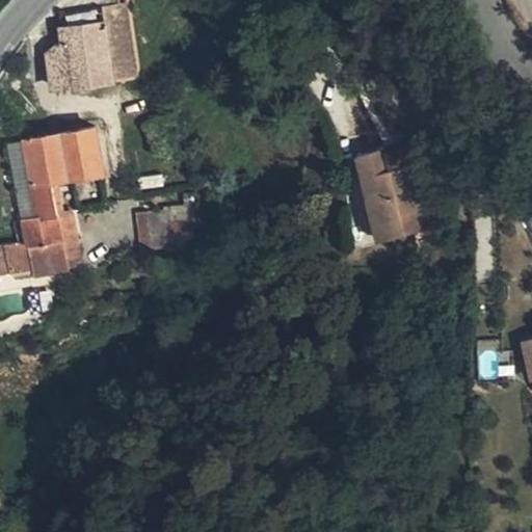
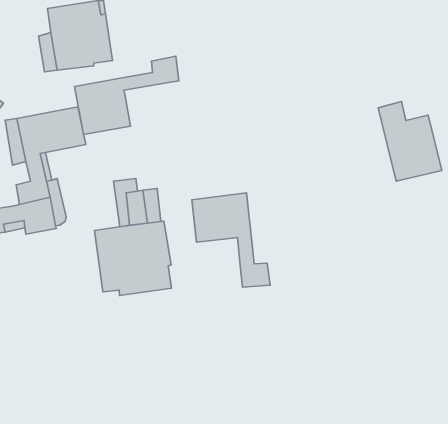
building: none -> [74,56,179,134]
building: [355,150,429,242] -> [378,102,442,181]
building: none -> [192,193,270,287]
building: none -> [95,221,172,295]

